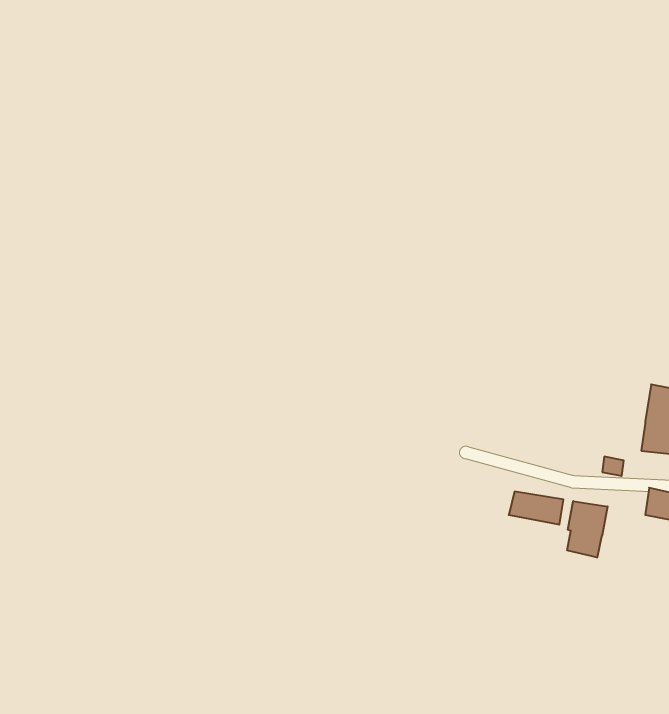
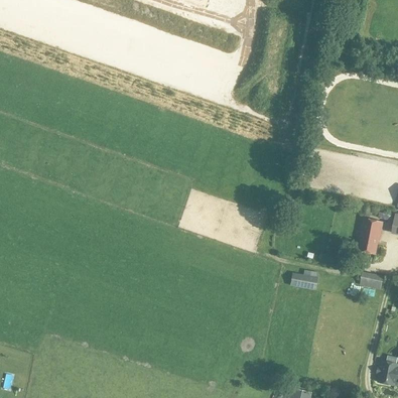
building: [567,501,608,558] -> none

